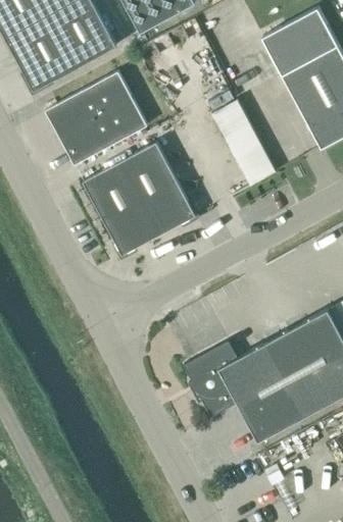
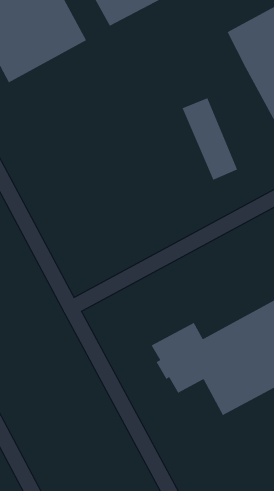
building: [46,71,148,165] -> none
building: [83,142,197,255] -> none

